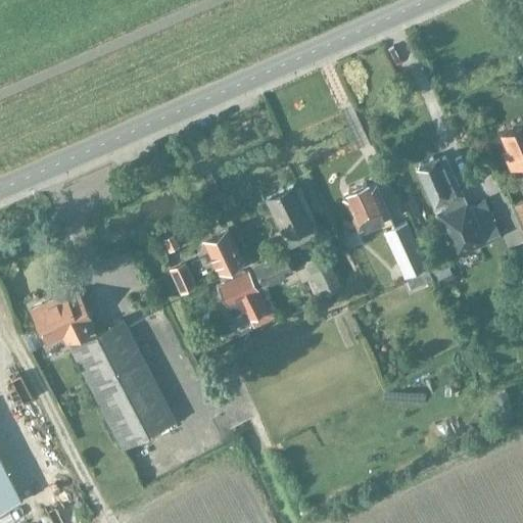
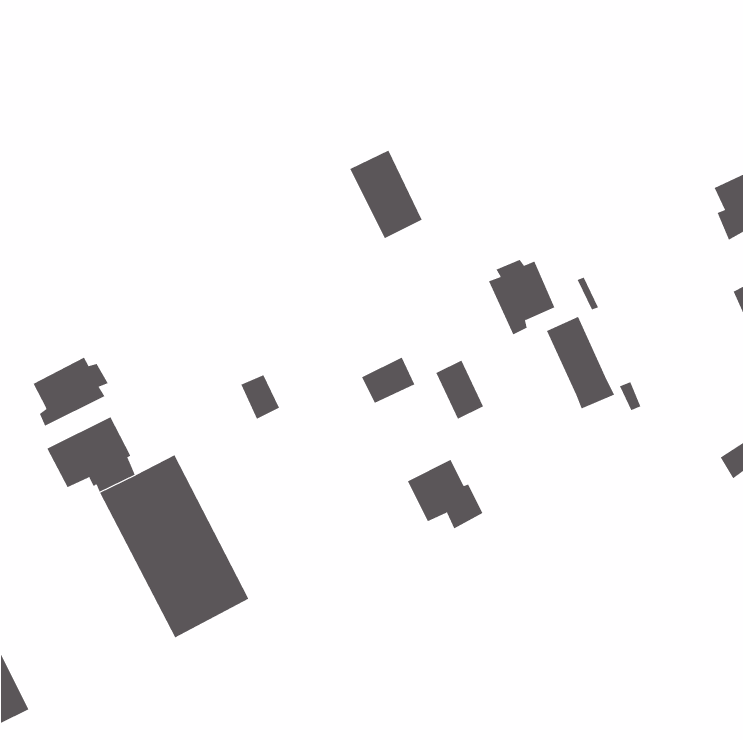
building: [418,159,502,259] -> none
building: [266,188,317,250] -> [350,150,422,239]
building: [204,232,244,279] -> none
building: none -> [33,357,108,427]
building: [219,274,272,323] -> [407,459,483,529]

